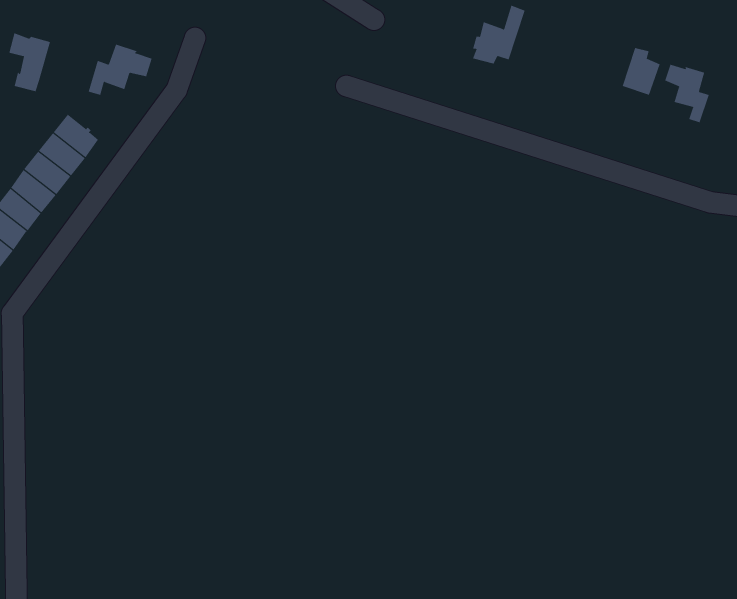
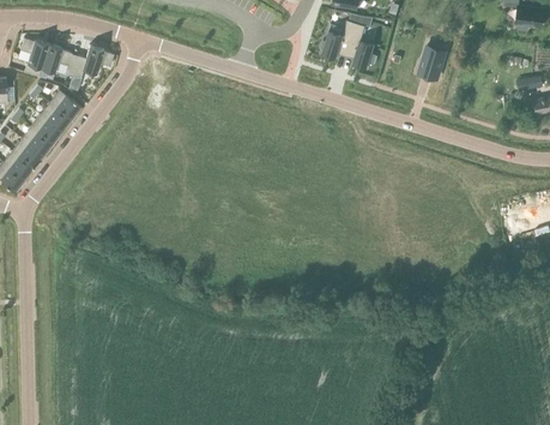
building: none -> [345,23,376,67]
building: none -> [38,43,78,79]
building: [664,64,710,123] -> none

